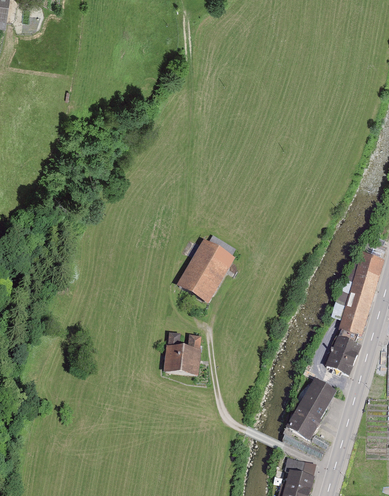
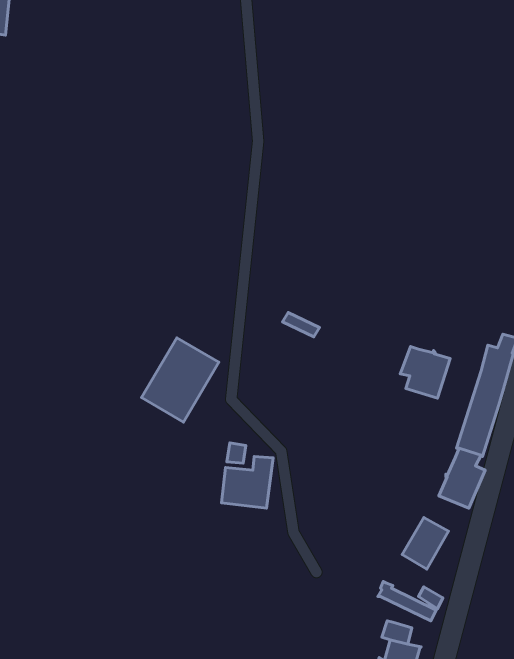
building: [179,240,236,302] -> [141,338,219,422]
building: none -> [400,347,450,398]
building: [287,408,318,438] -> none

